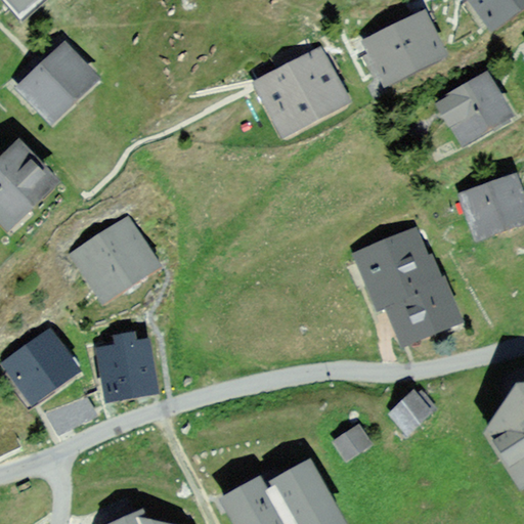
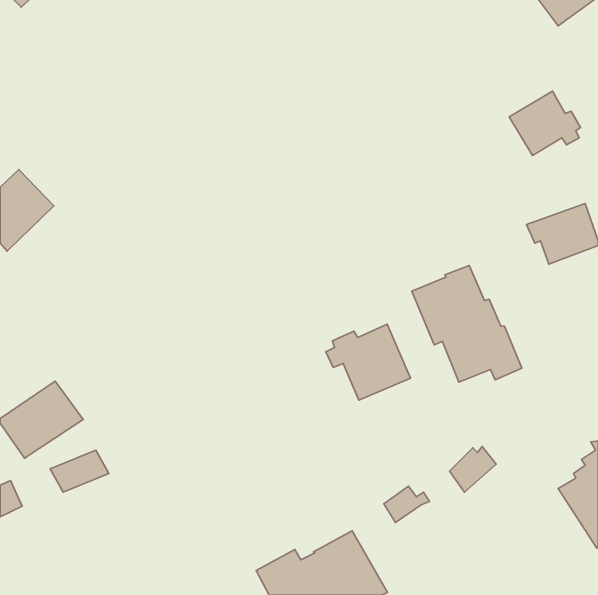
building: [366,13,439,77] -> none
building: [23,48,89,115] -> none
building: [253,49,342,129] -> none
building: [78,223,150,293] -> none
building: none -> [326,324,411,400]
building: [100,335,152,395] -> none

